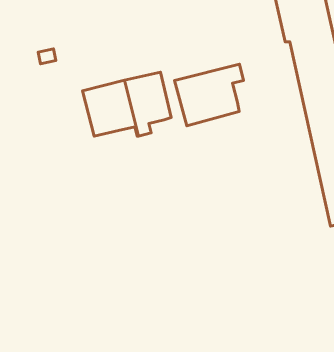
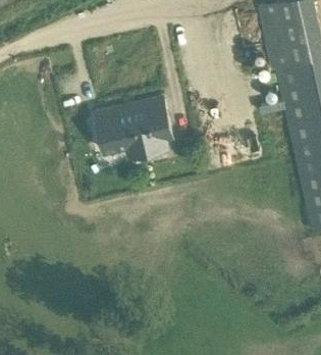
building: [174,64,243,126] -> none

